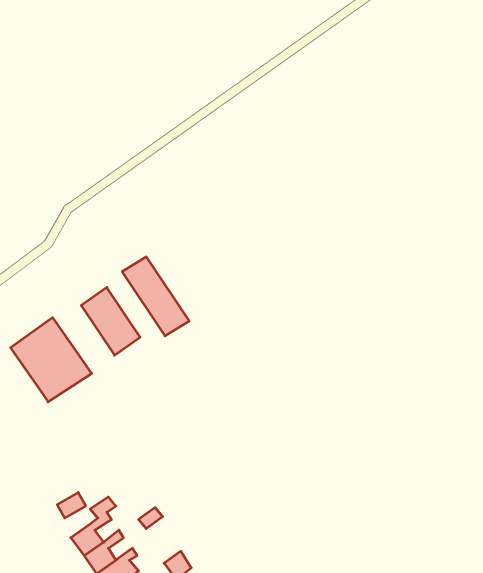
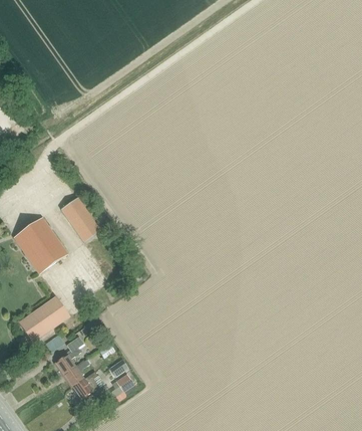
building: [122,257,189,336] -> none
building: none -> [17,295,69,343]

